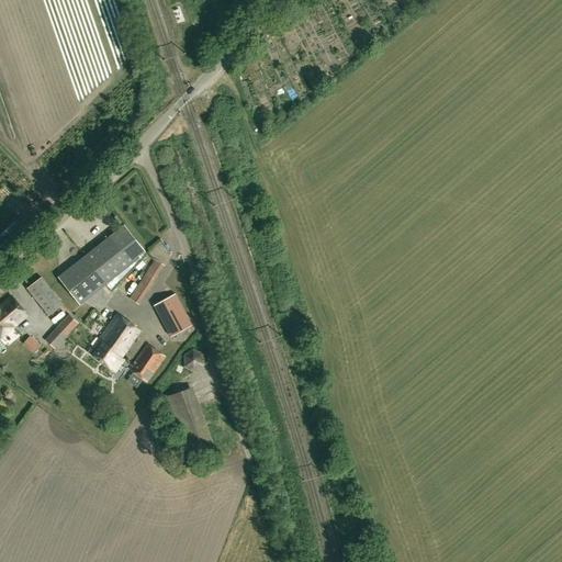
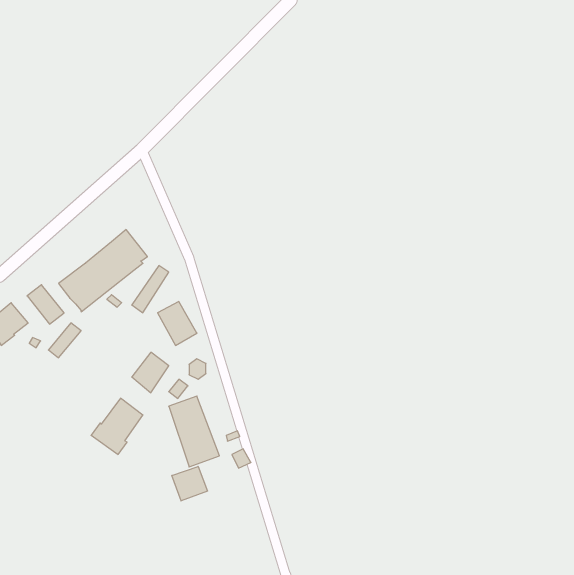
building: [89,315,139,370] -> [91,398,143,454]
building: none -> [172,466,208,501]

